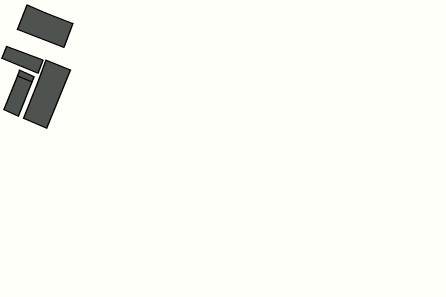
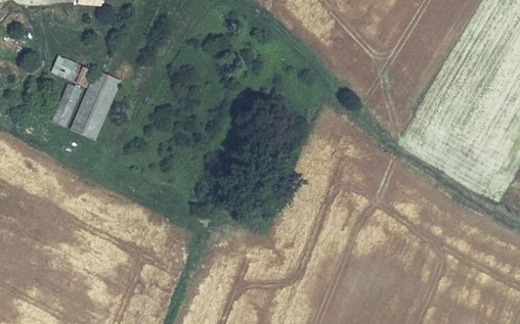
building: [17,5,73,47] -> none

